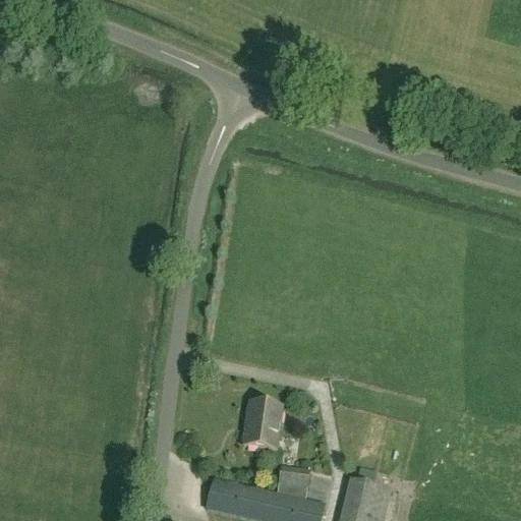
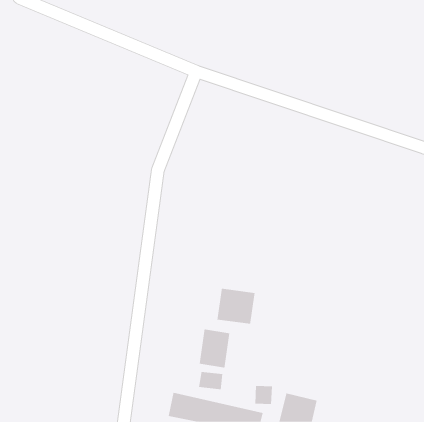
building: none -> [217,288,255,325]
building: [277,466,307,488] -> [198,371,223,390]

